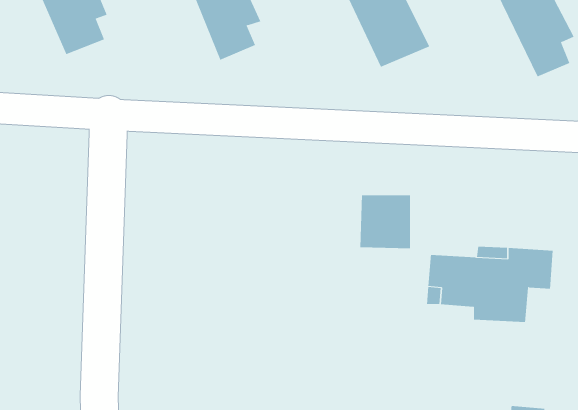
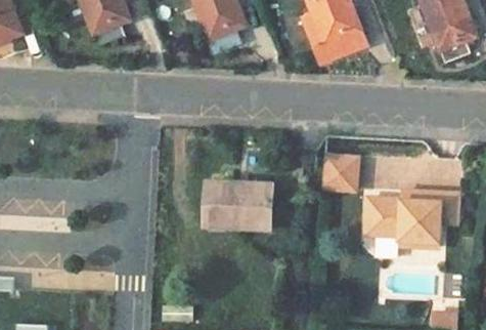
building: none -> [201,178,269,228]

